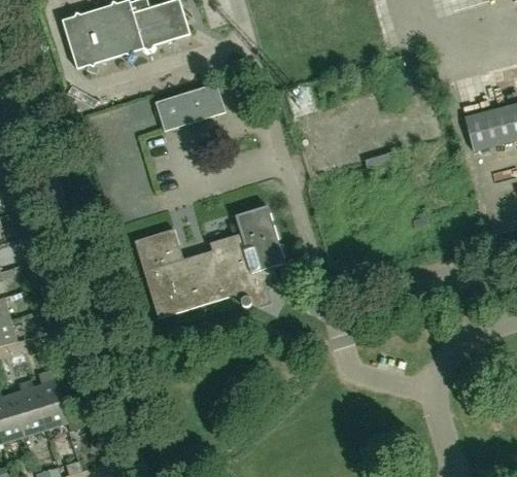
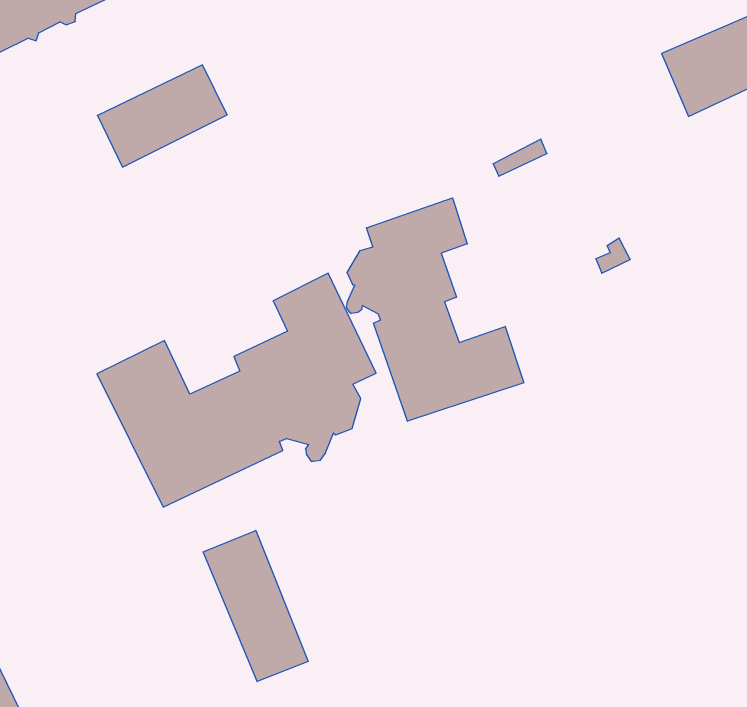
building: none -> [346,198,524,421]
building: none -> [203,530,308,682]

